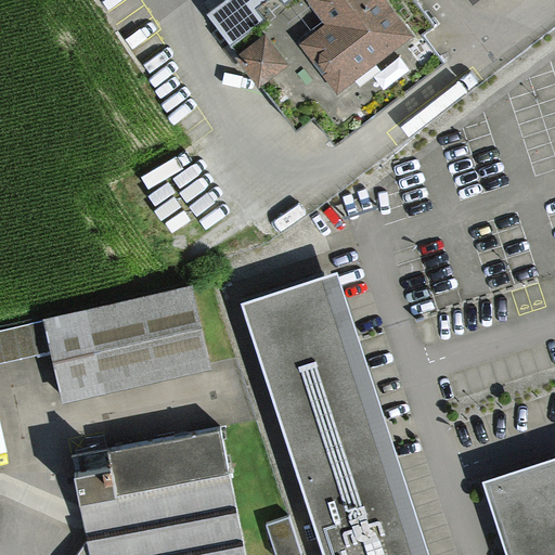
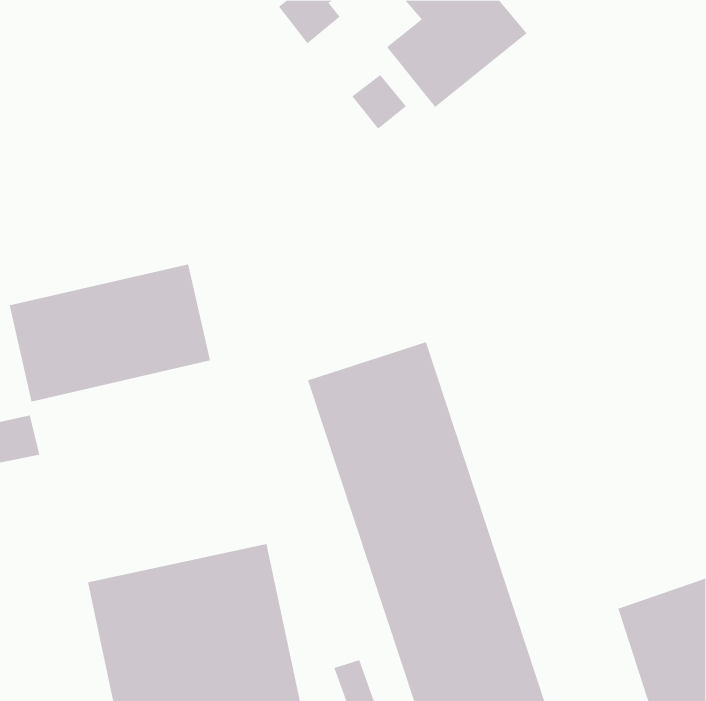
building: [241,38,284,81] -> [351,74,407,130]
building: [46,291,204,399] -> [9,264,211,402]

